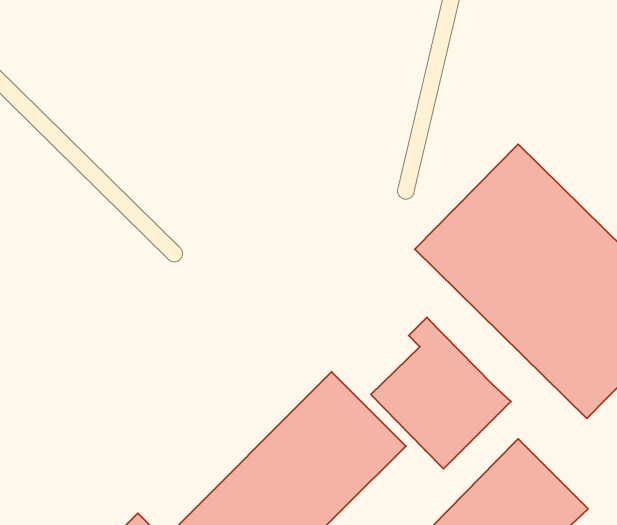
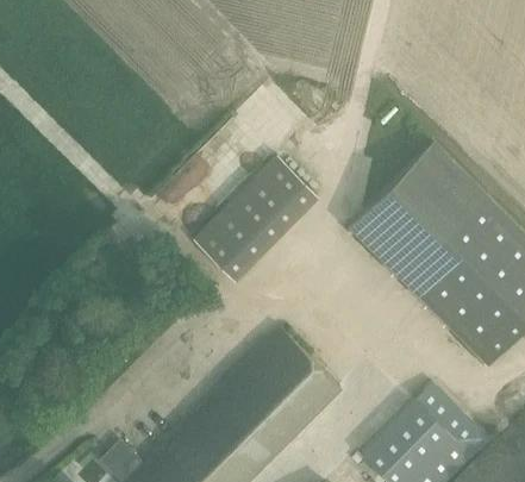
building: none -> [193,156,319,281]
building: [371,317,511,469] -> none

